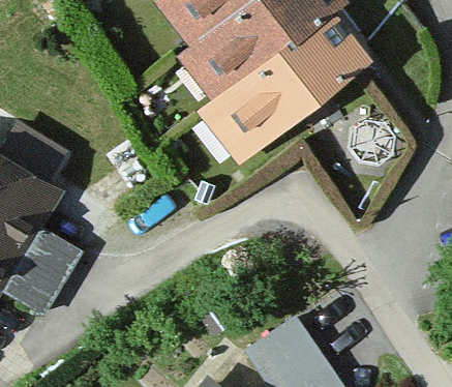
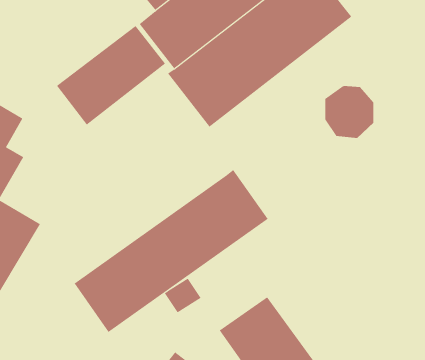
building: none -> [56,25,166,125]
building: none -> [74,169,269,333]

